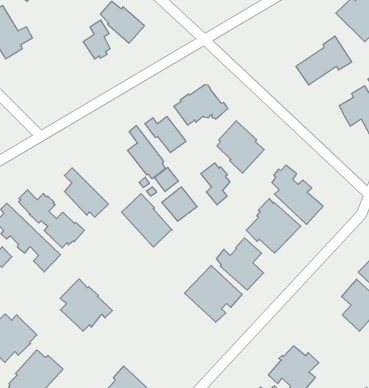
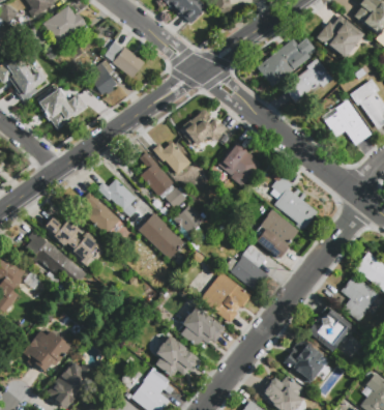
building: none -> [257,37,317,86]
building: none -> [35,83,88,128]
building: none -> [97,178,137,216]
building: [201,163,230,205] -> none
building: [60,279,112,331] -> [153,334,201,381]
building: none -> [180,305,225,347]
building: none -> [306,304,352,350]

